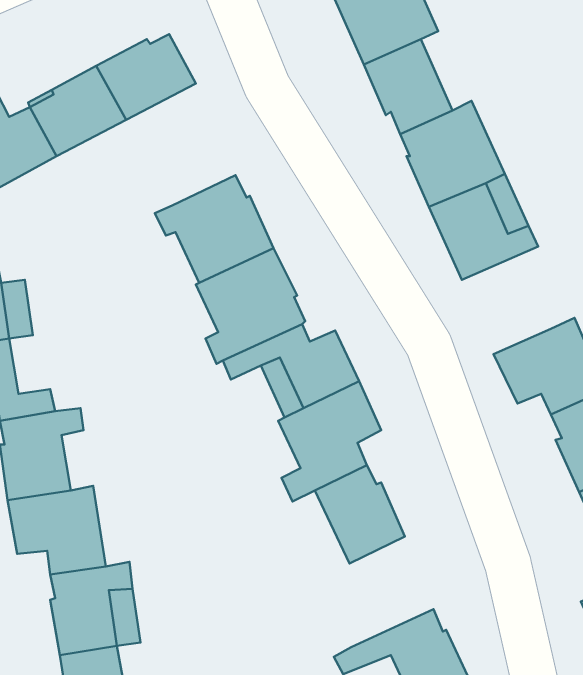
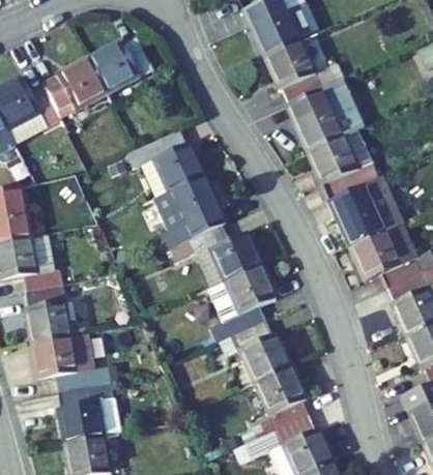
building: none -> [328,175,386,245]
building: none -> [250,364,310,437]

